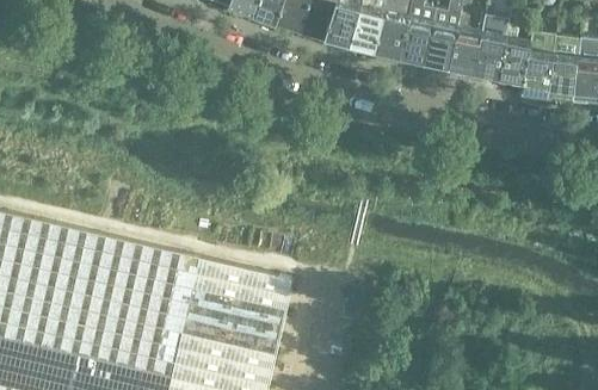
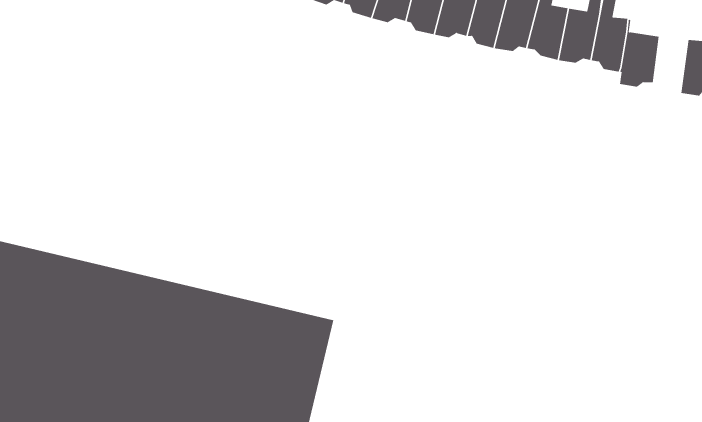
building: [547,33,574,99] -> none

